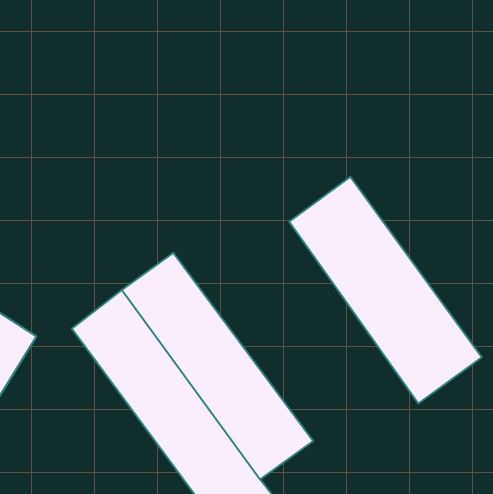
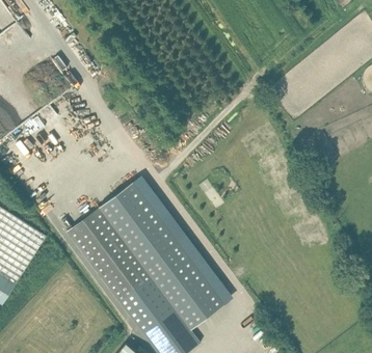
building: [289,177,482,403] -> none

